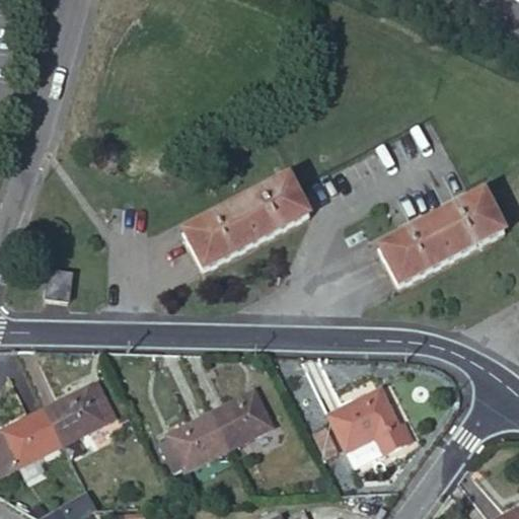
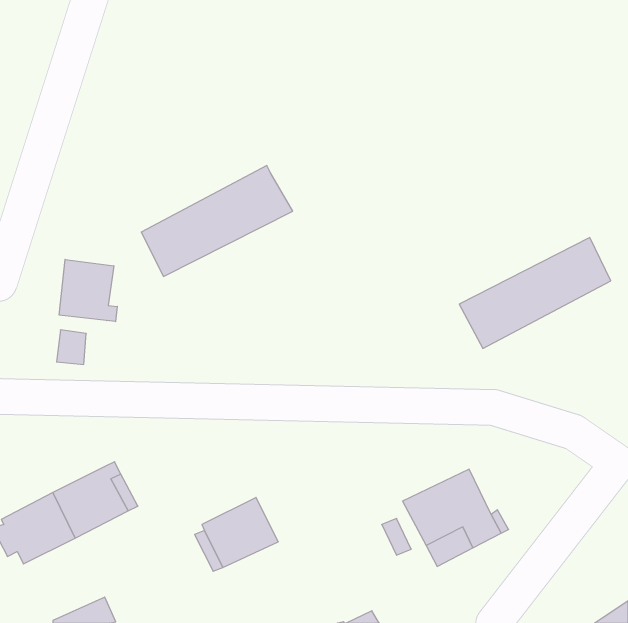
building: [183,179,308,271] -> [141,166,293,276]
building: none -> [59,259,117,322]
building: [211,389,273,446] -> none

